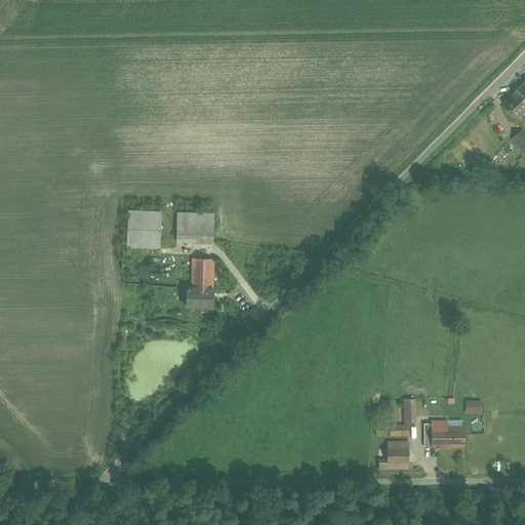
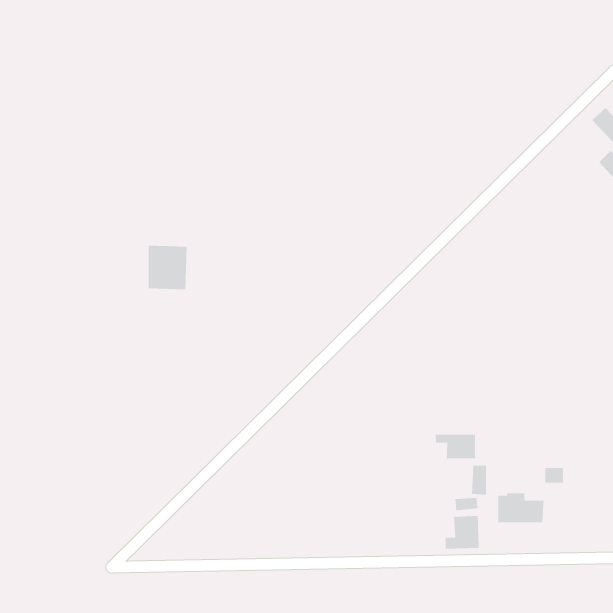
building: [176,212,213,242] -> none
building: [185,257,214,308] -> none
building: none -> [435,434,475,459]

